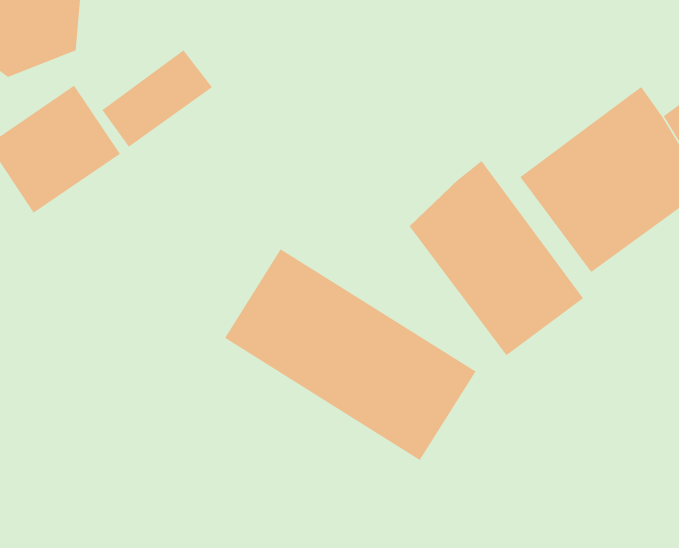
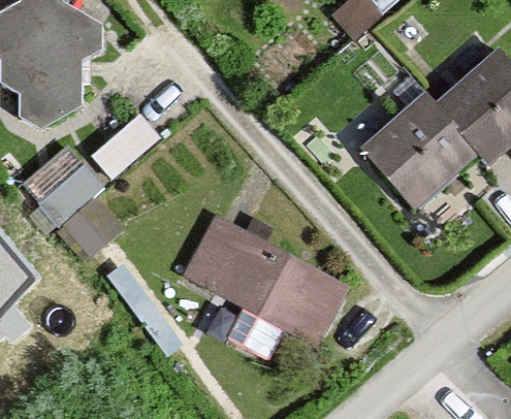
building: [409,160,584,356] -> none

